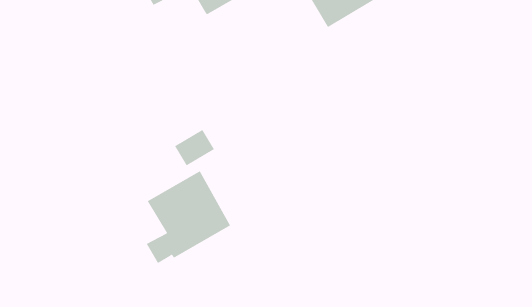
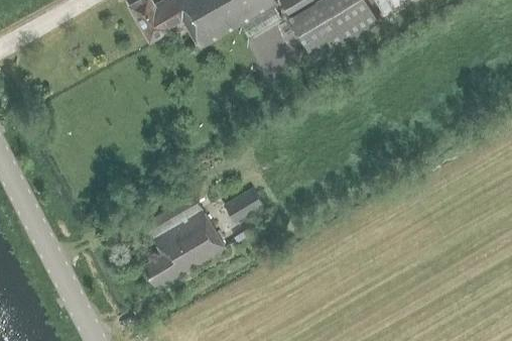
building: [174,129,215,166] -> [223,188,261,223]

